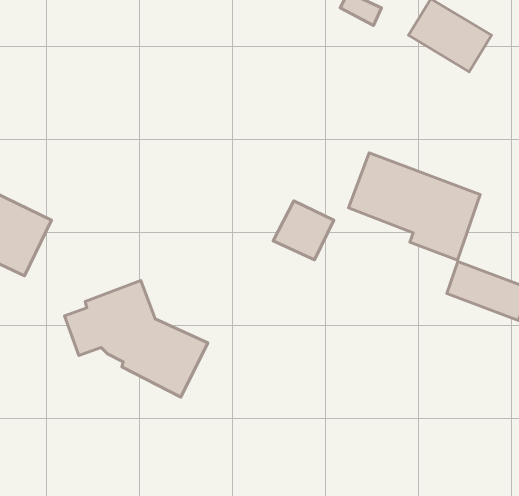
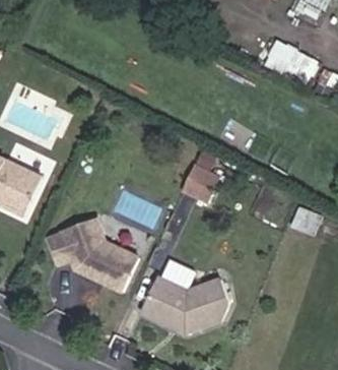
building: [349,153,480,260] -> none
building: none -> [139,276,226,332]

